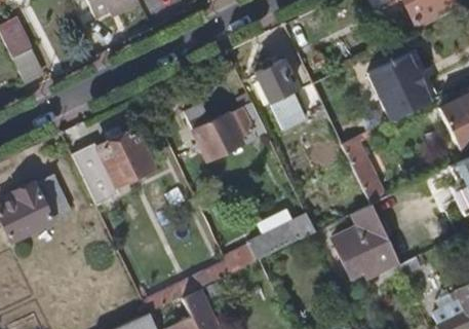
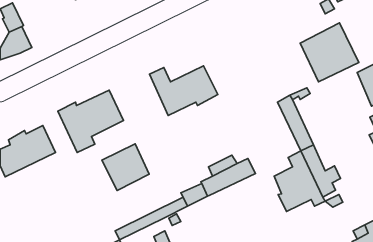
building: [256,58,305,131] -> none
building: none -> [102,144,149,190]

